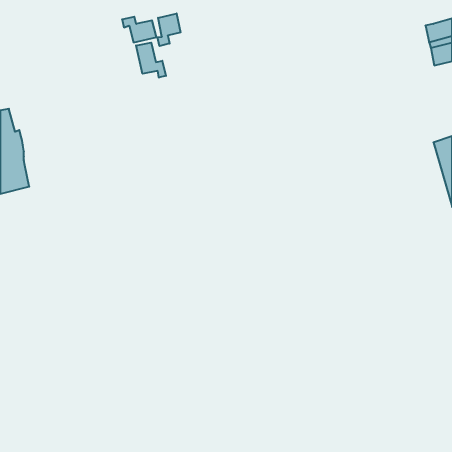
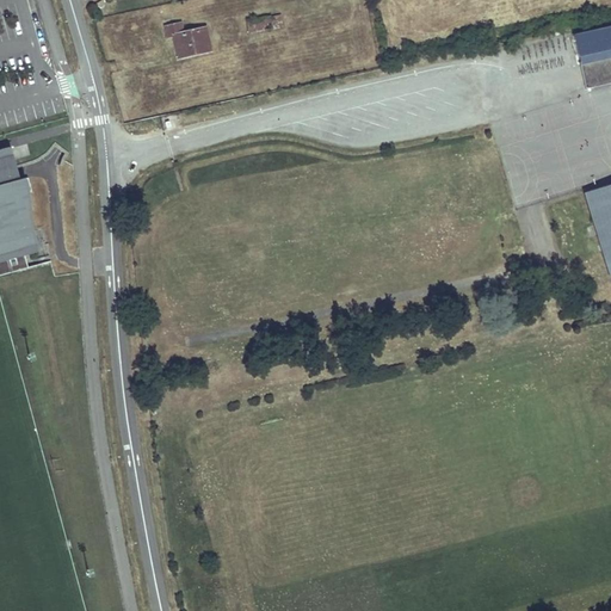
building: [157,13,181,46] -> none
building: [136,43,166,78] -> none

